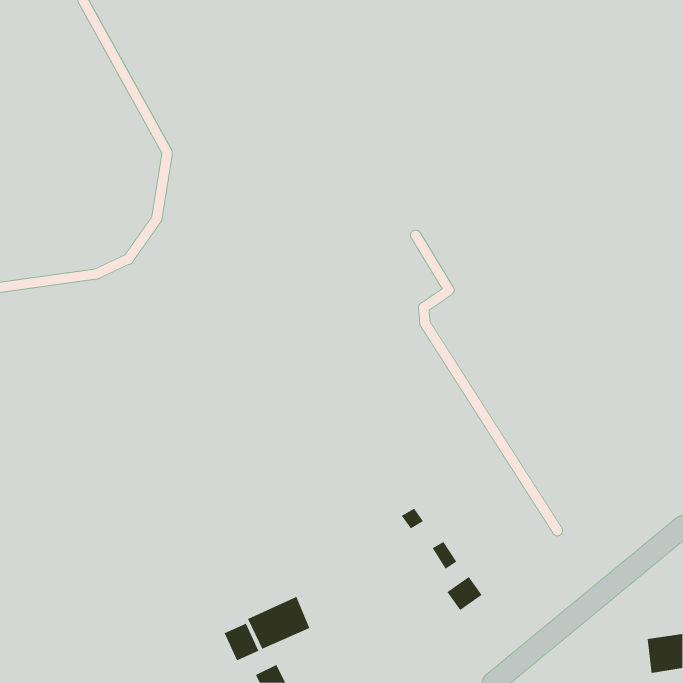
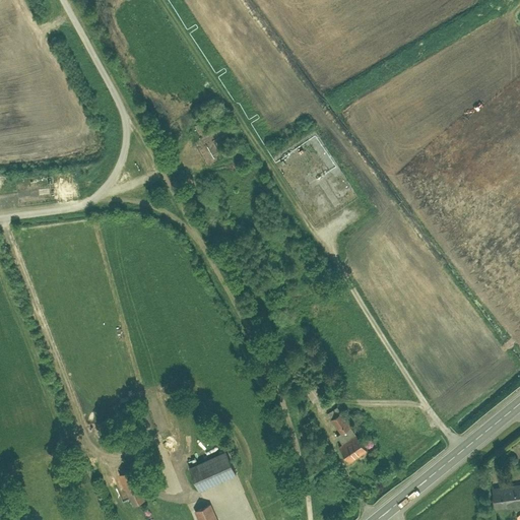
building: [224,623,259,661] -> none

